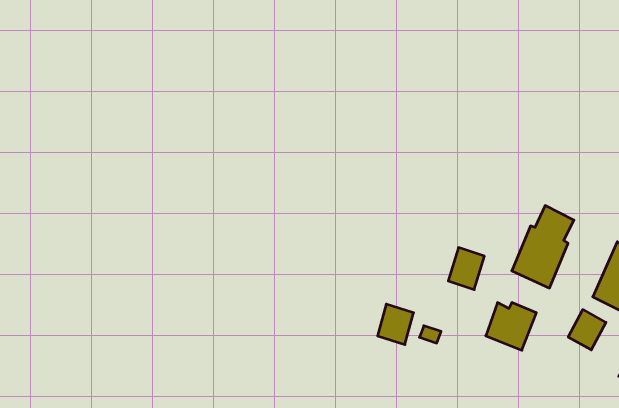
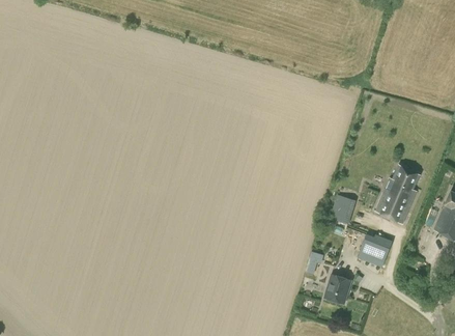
building: [378,304,414,345] -> [324,275,350,304]
building: [568,310,606,350] -> none

